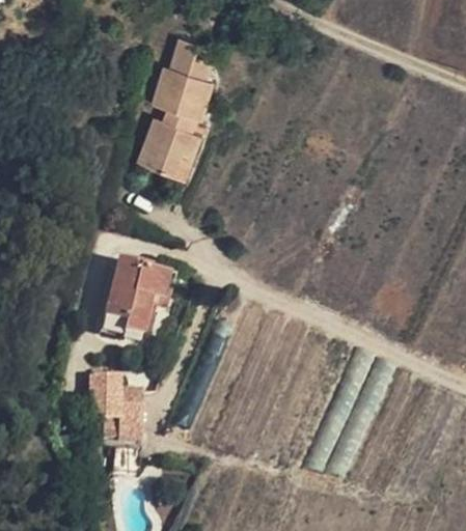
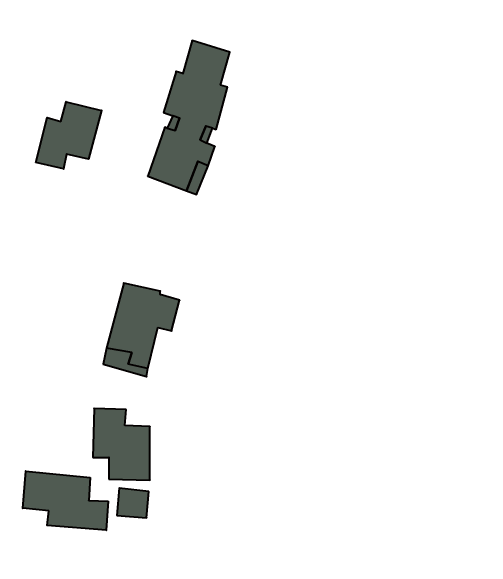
building: none -> [36,102,102,169]
building: none -> [23,471,108,530]

